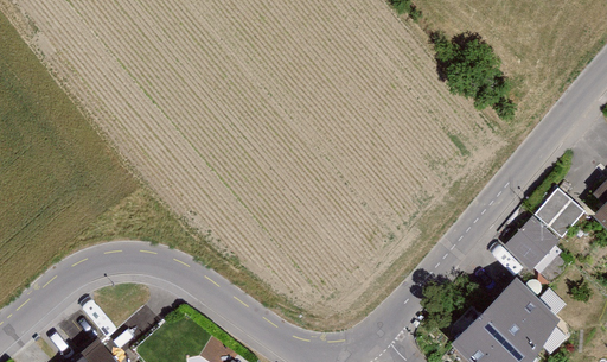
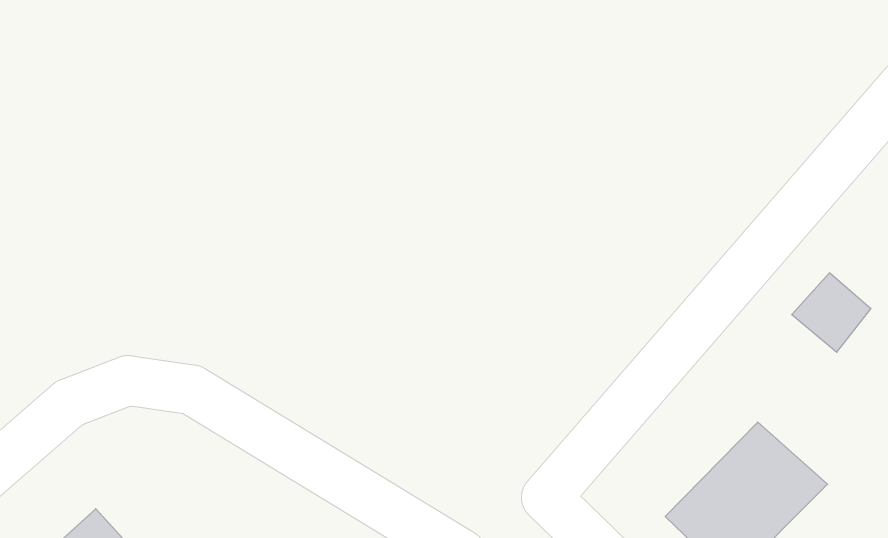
building: [500,217,557,273] -> none

